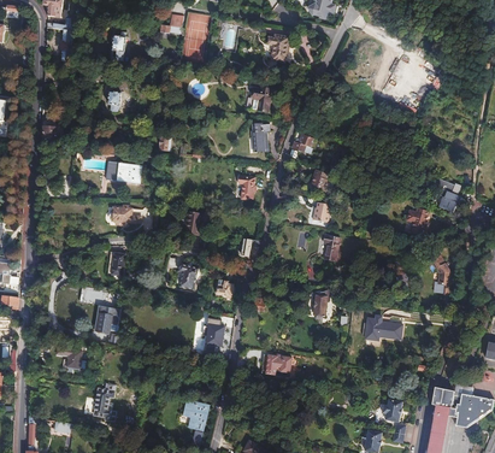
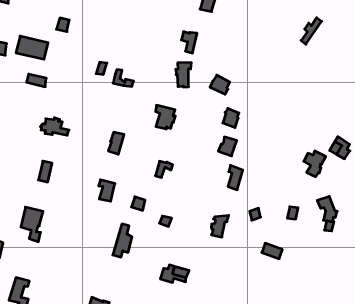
building: [108,160,143,183] -> [16,36,48,59]

